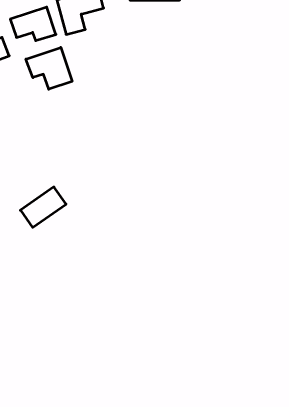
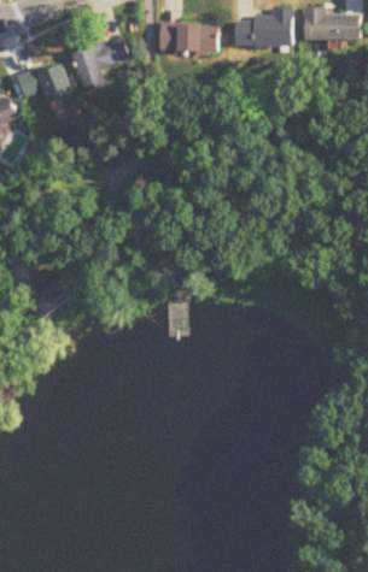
building: [26,47,72,89] -> none

